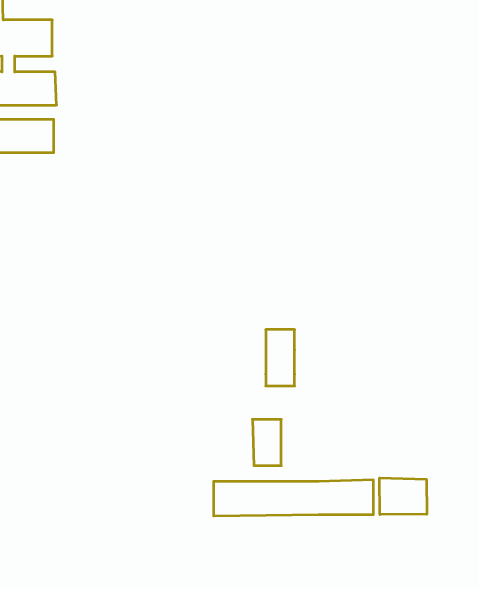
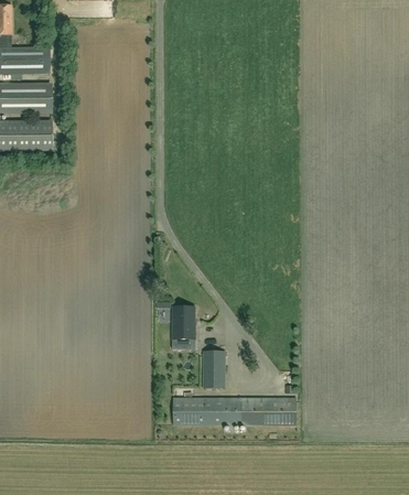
building: [266,330,295,386] -> [172,304,194,347]
building: [380,478,427,515] -> none

